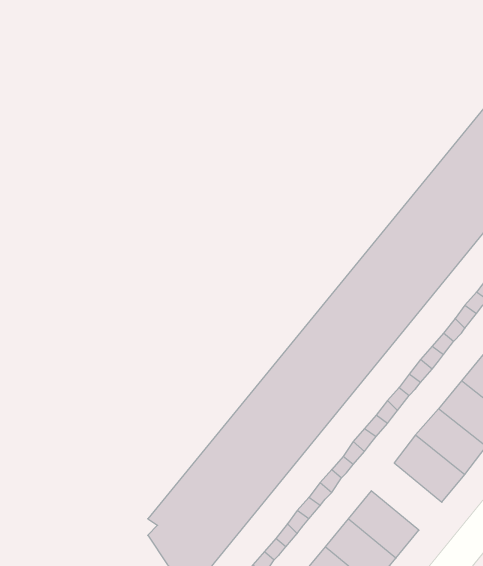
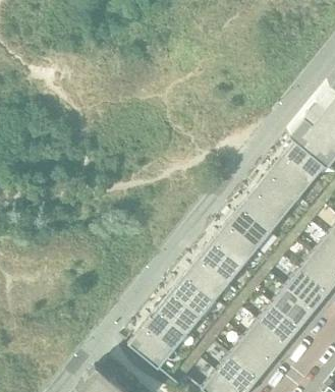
building: none -> [259,302,302,344]

